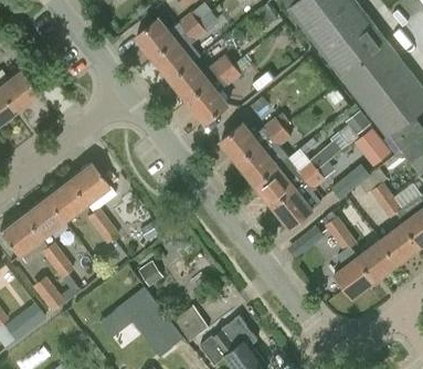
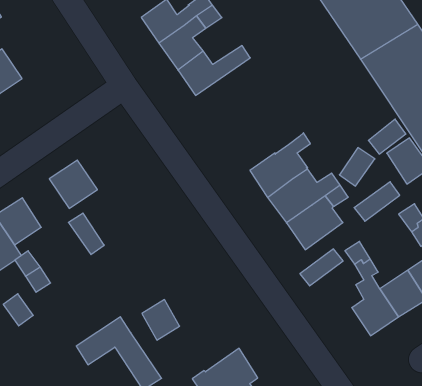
building: [188,65,240,123] -> none
building: [221,116,283,162] -> none
building: [44,180,85,222] -> none
building: [175,306,208,341] -> [142,300,180,340]

